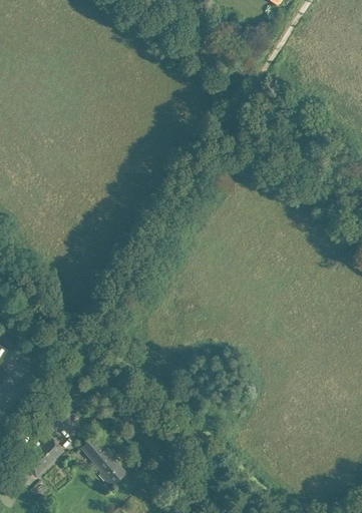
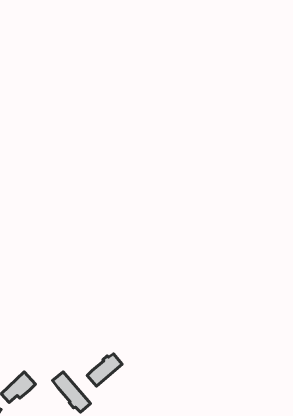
building: none -> [87,354,122,386]

